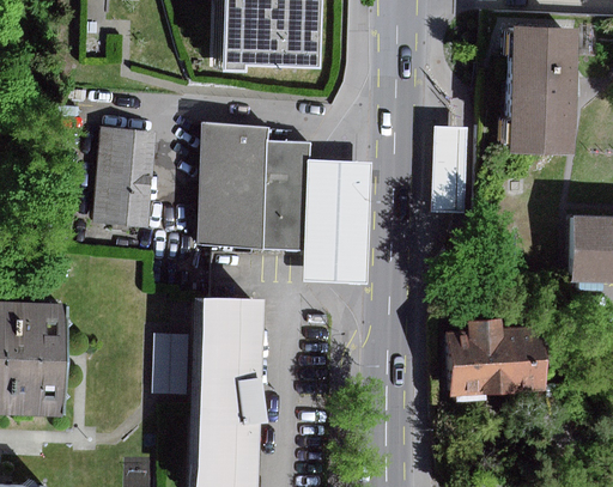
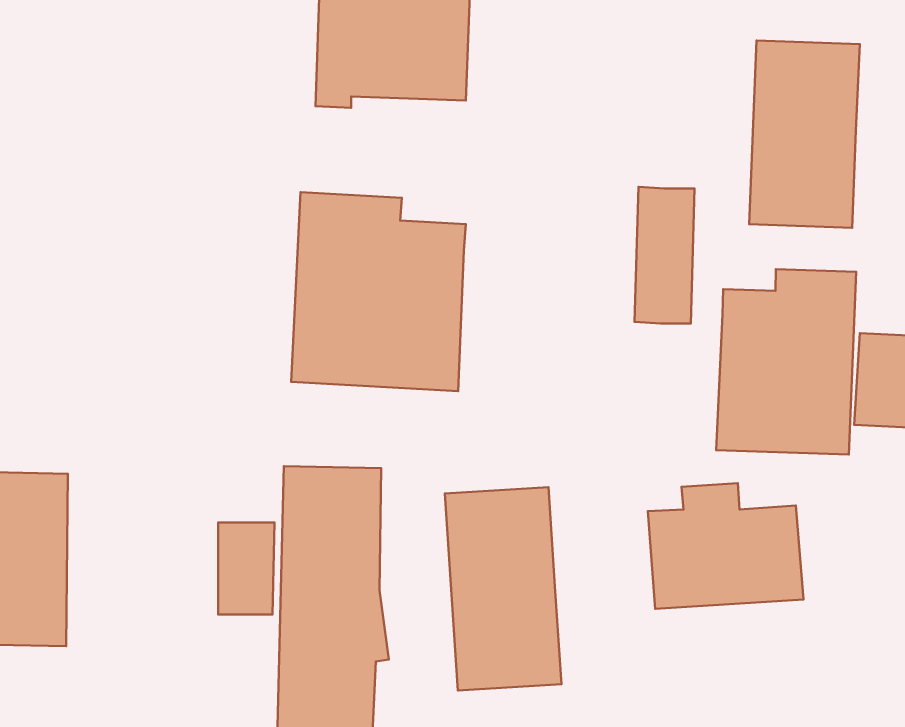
building: [99,128,162,229] -> none
building: [309,162,377,284] -> none
building: none -> [716,269,856,455]
building: none -> [445,487,561,691]

